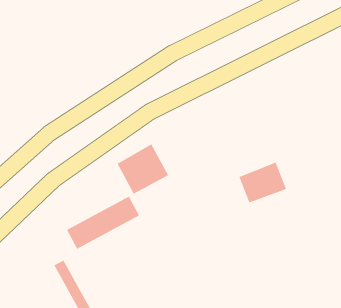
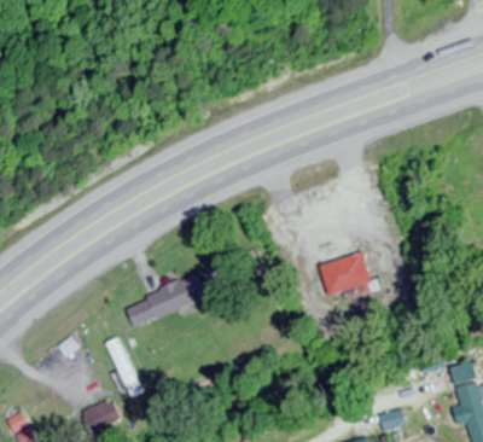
building: [117,143,169,195] -> none

